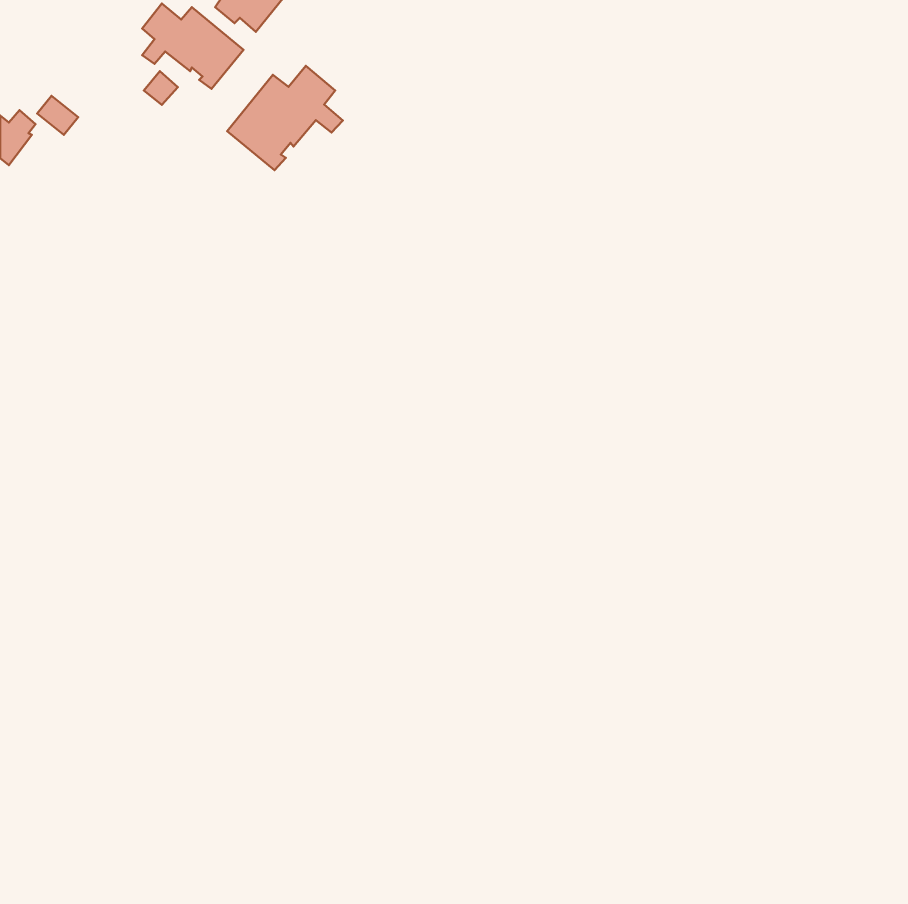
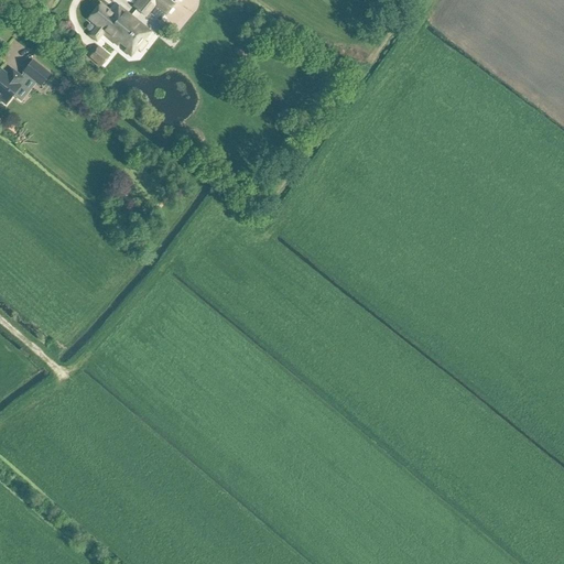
building: [227,66,343,170] -> none

